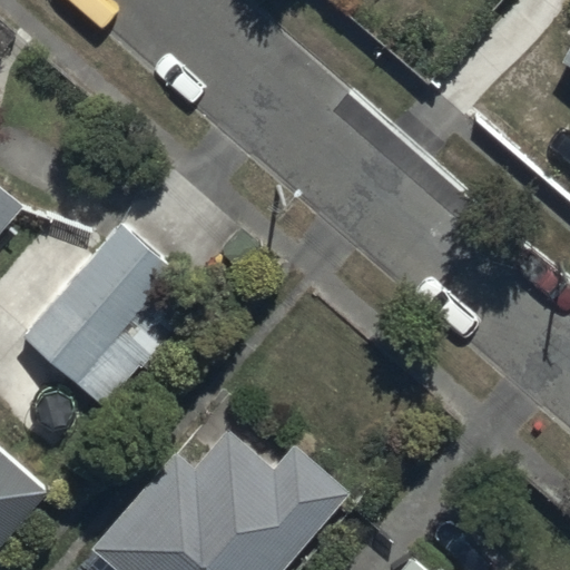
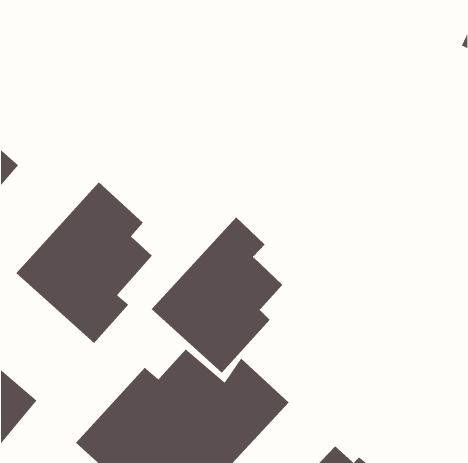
building: none -> [151,216,283,374]

